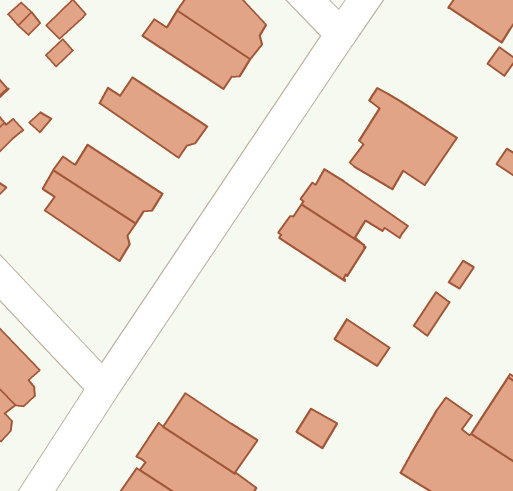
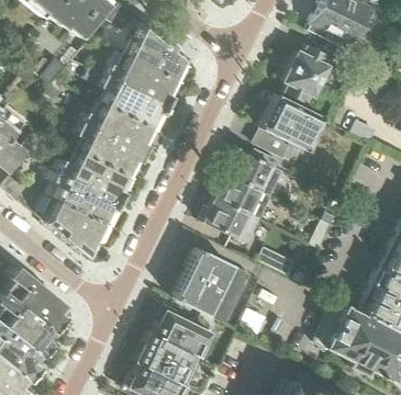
building: none -> [87,67,165,129]
building: none -> [283,45,327,101]
building: none -> [77,123,141,178]
building: none -> [40,194,110,257]
building: none -> [202,198,261,242]
building: none -> [175,248,252,324]

